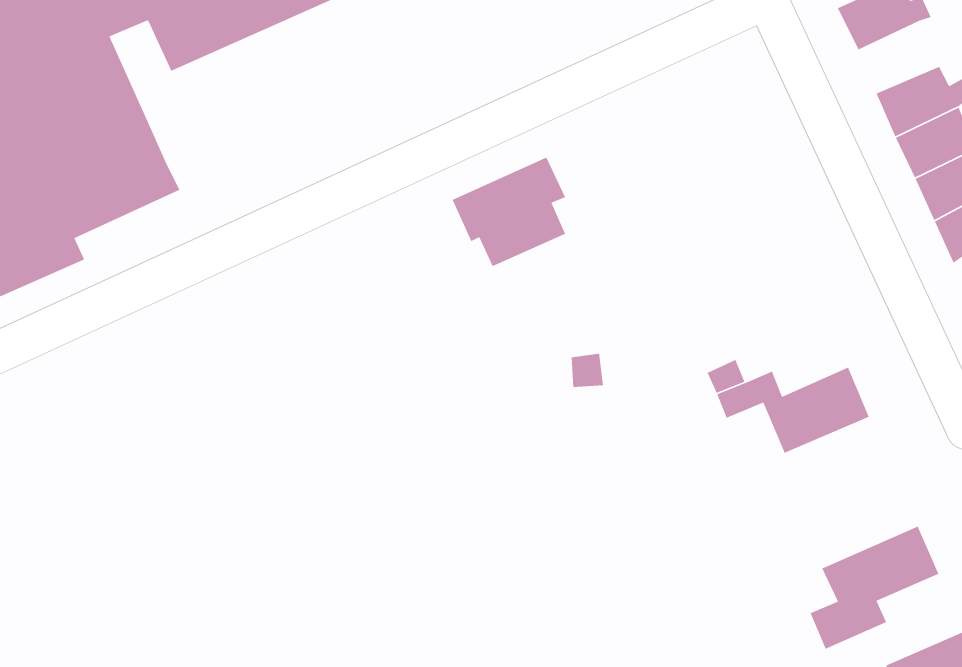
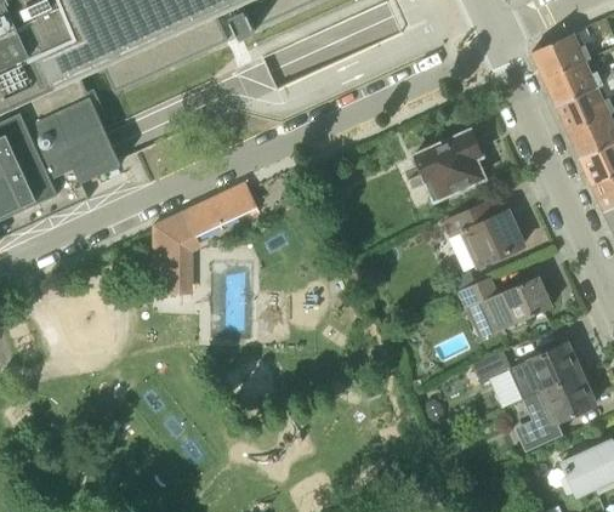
building: none -> [545,58,603,103]
building: [452,157,566,267] -> [413,127,484,197]
building: none -> [153,183,257,294]
building: none -> [445,204,524,263]
building: none -> [473,341,582,400]

